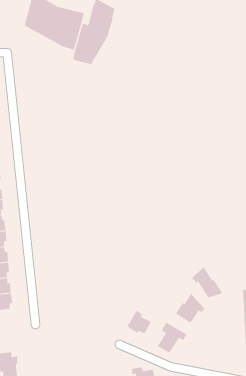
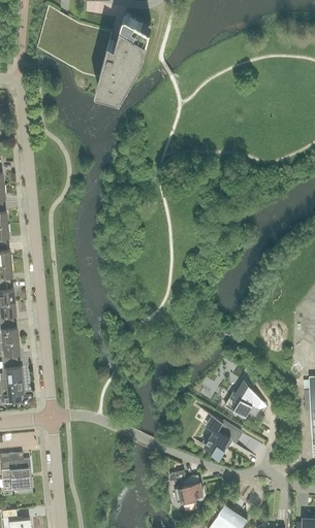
building: [190,266,223,298] -> none
building: [127,310,152,334] -> none

